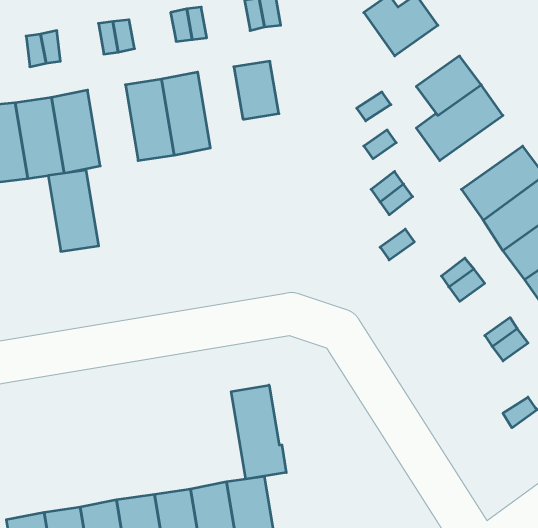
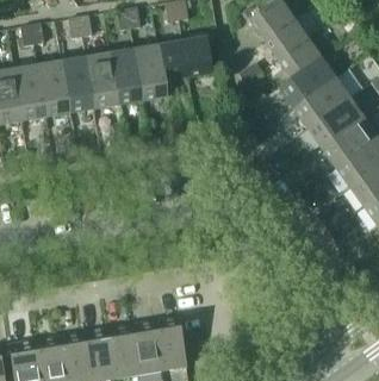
building: none -> [263,18,306,58]
building: none -> [181,37,212,76]
building: none -> [133,45,167,99]
building: none -> [293,77,348,126]
building: [48,170,99,251] -> [61,57,94,111]
building: [231,385,286,479] -> none

